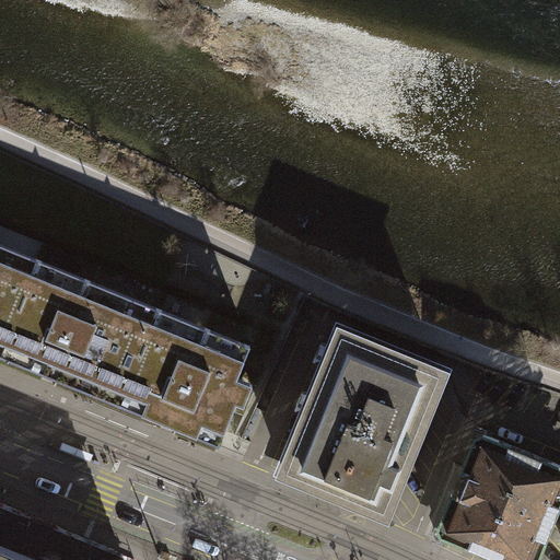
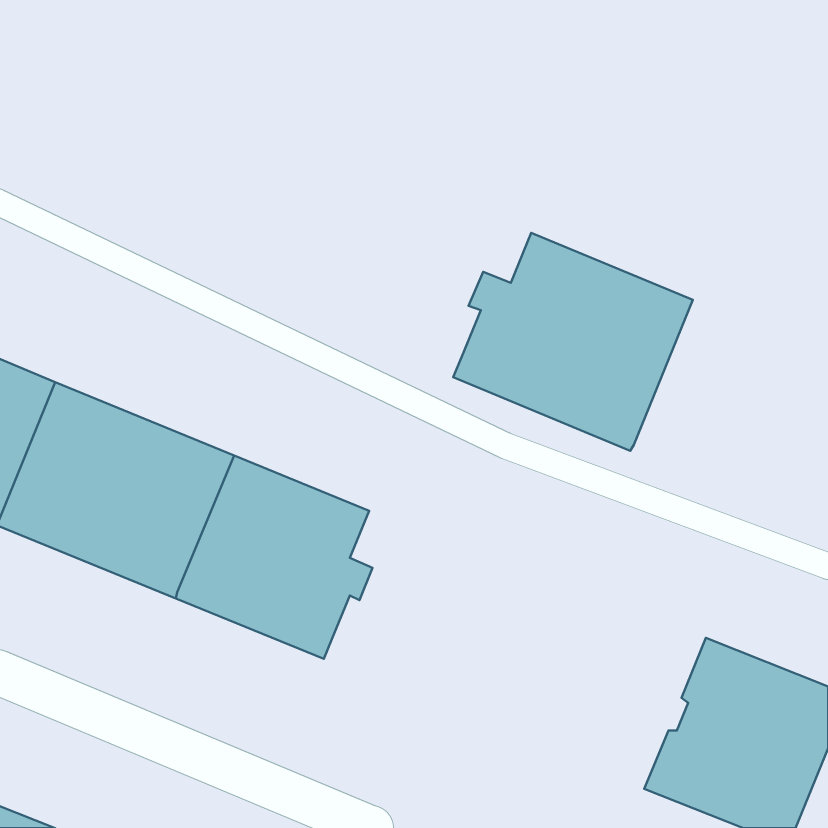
building: none -> [453,233,693,451]
building: [281,329,441,510] -> none

